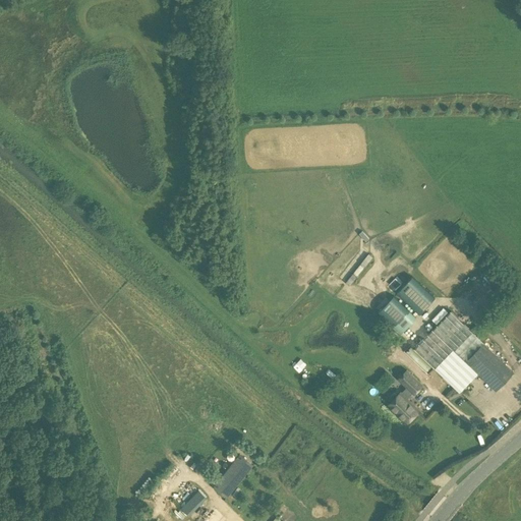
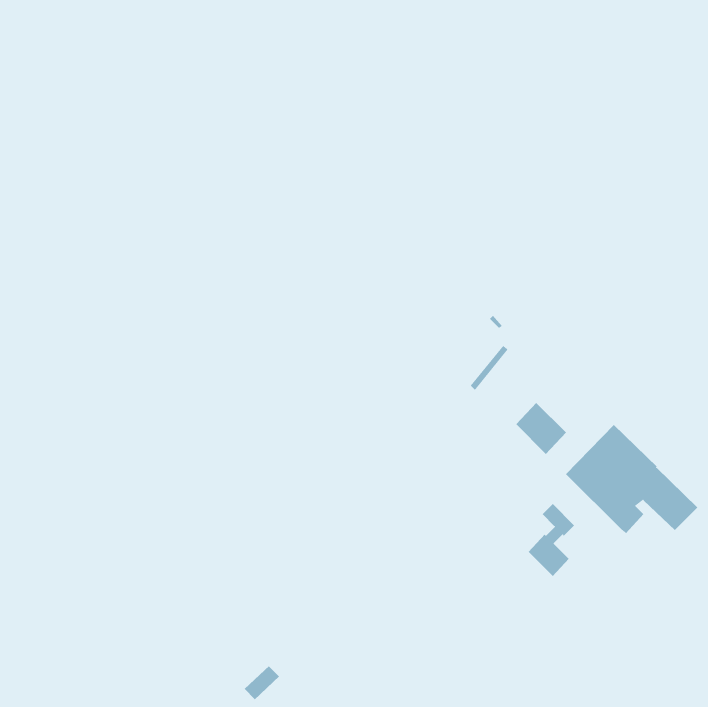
building: [397,278,435,315] -> none
building: [213,455,252,499] -> none

